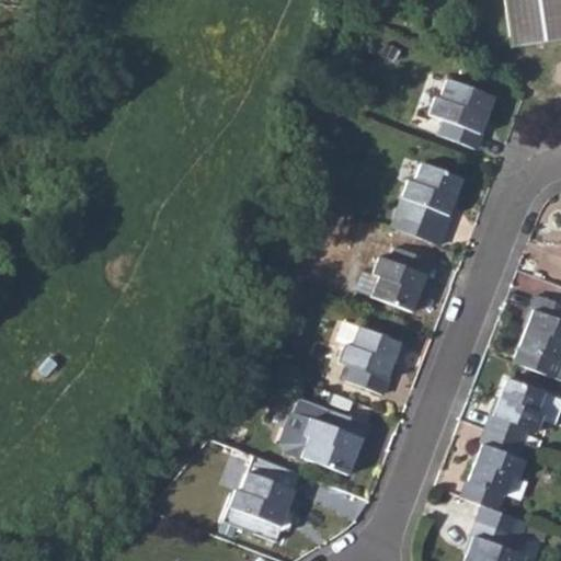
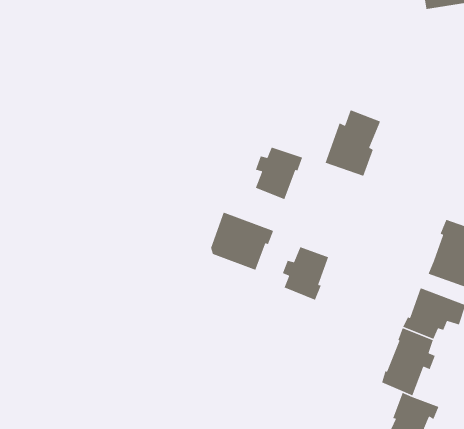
building: [432,87,490,151] -> none
building: [374,247,432,311] -> [255,146,303,200]
building: [294,400,370,471] -> [210,211,274,271]
building: [238,474,295,539] -> none

